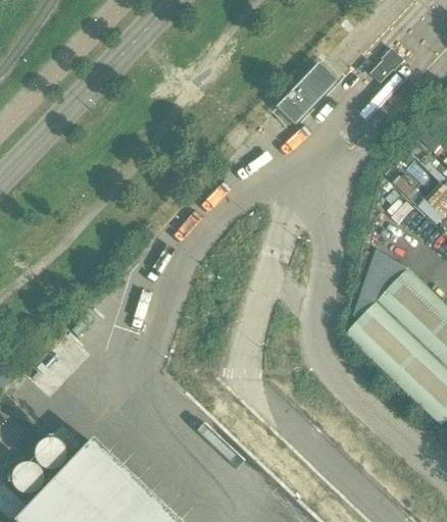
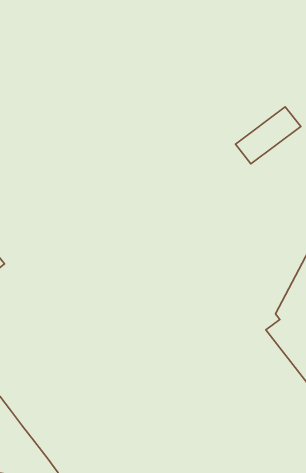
building: [272,68,335,130] -> [235,107,301,164]

